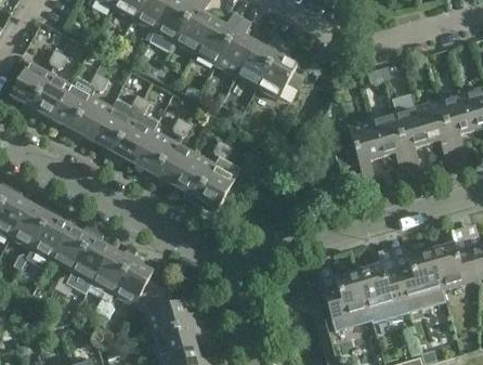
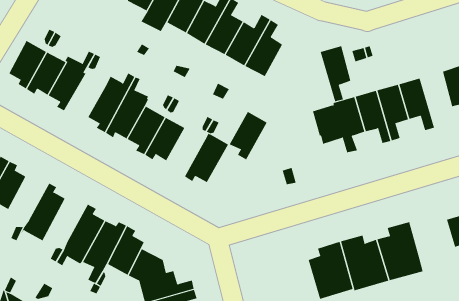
building: [441,93,473,152] -> [320,45,351,102]
building: [70,95,114,141] -> none
building: [177,152,217,203] -> [229,111,267,160]
building: [12,203,54,248] -> none
building: [53,225,94,271] -> none
building: [430,243,477,288] -> none

